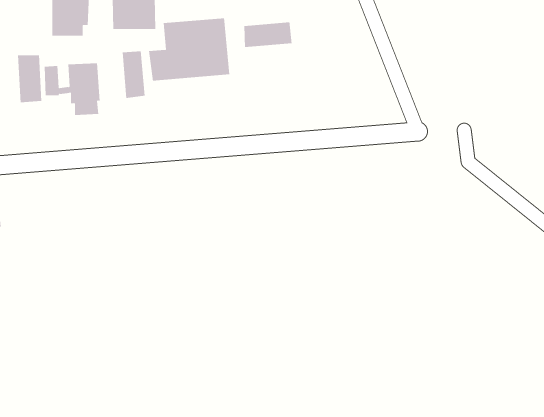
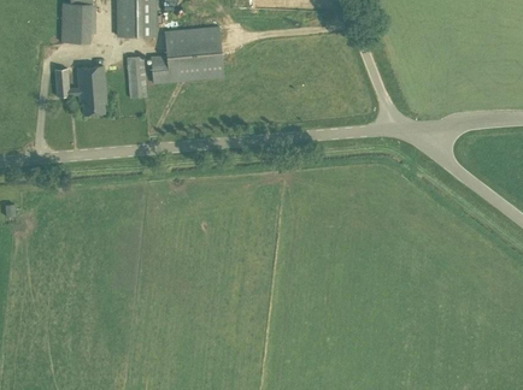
building: [244,22,292,48] -> none
building: [18,55,42,103] -> none

